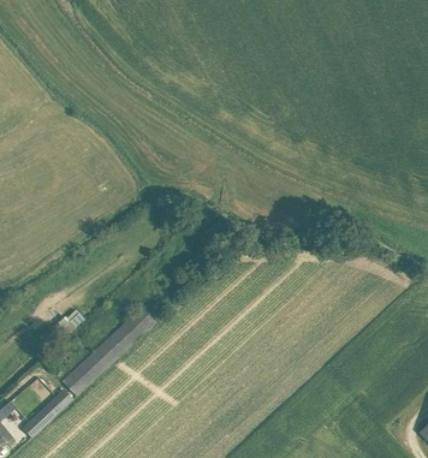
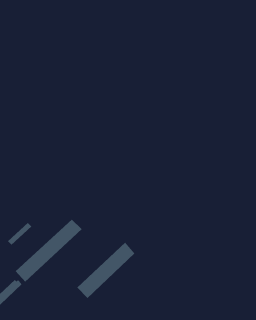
building: none -> [77,242,135,299]

